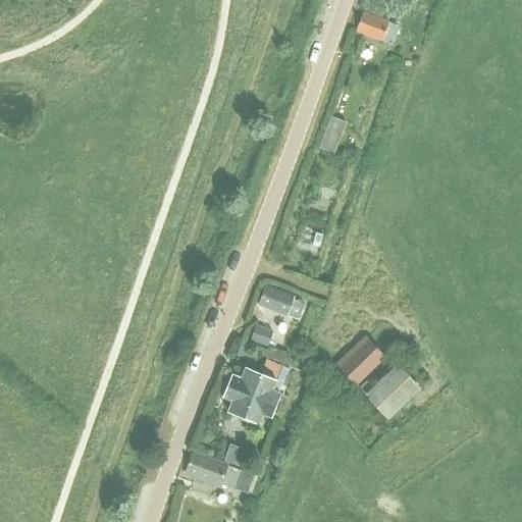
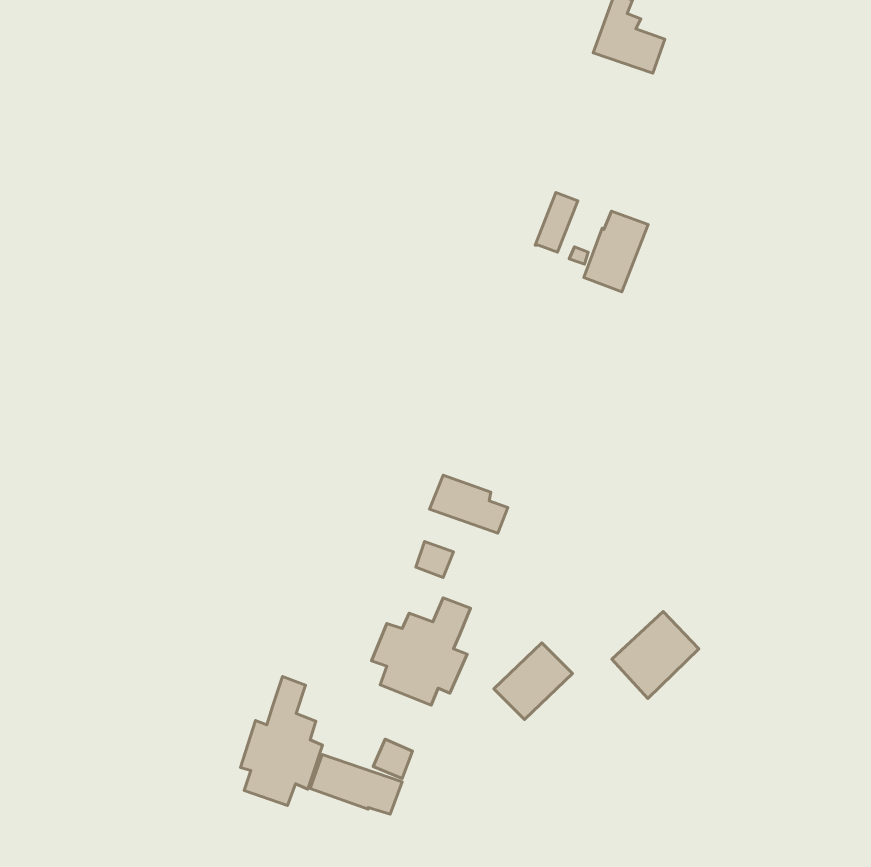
building: none -> [584,211,648,292]
building: [337,338,384,384] -> [494,643,572,720]
building: none -> [241,677,323,805]

